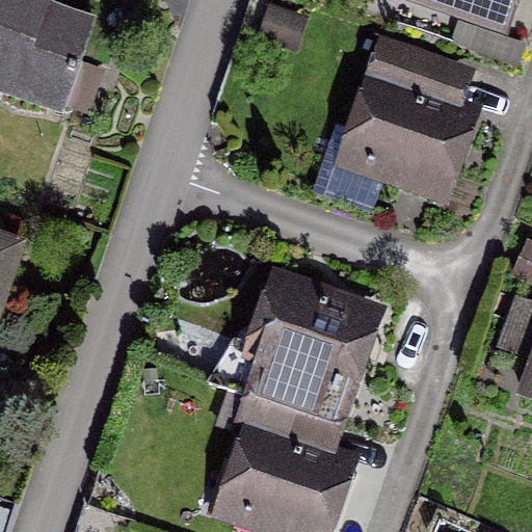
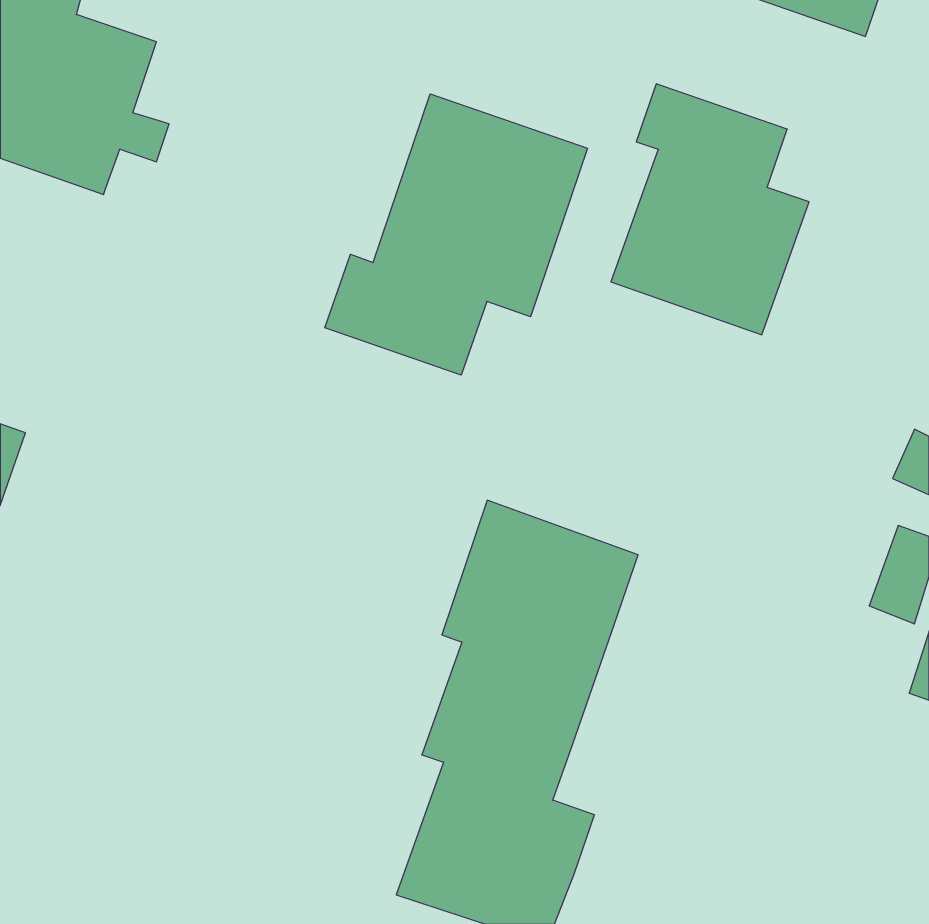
building: none -> [325,94,588,375]

